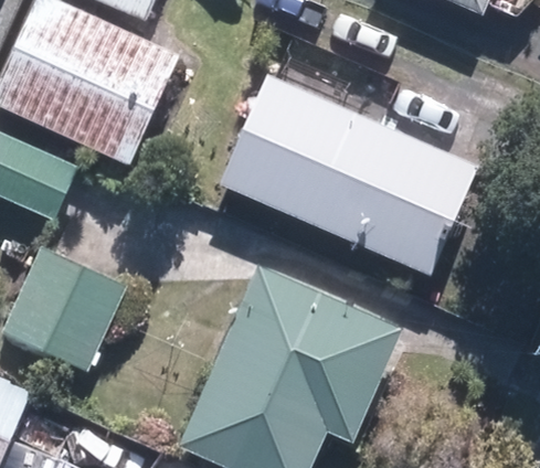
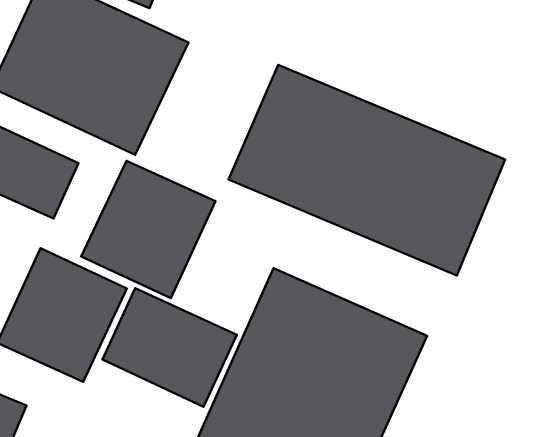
building: none -> [81,161,215,298]
building: none -> [103,288,237,407]

